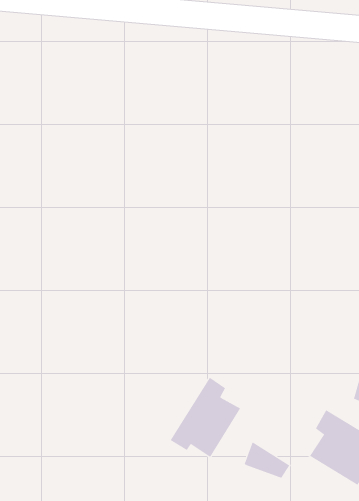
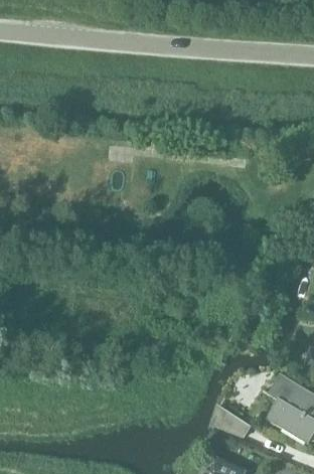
building: [170,377,241,458] -> none

